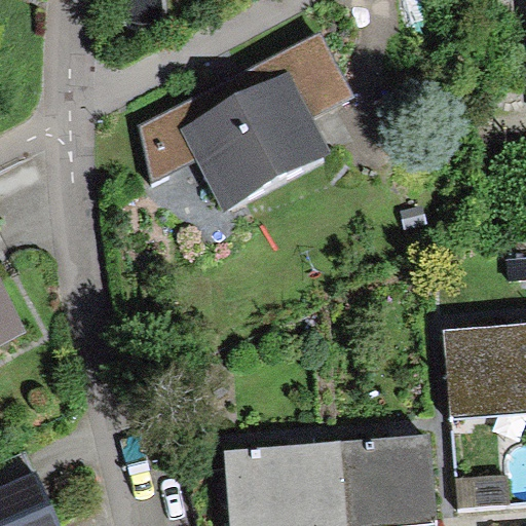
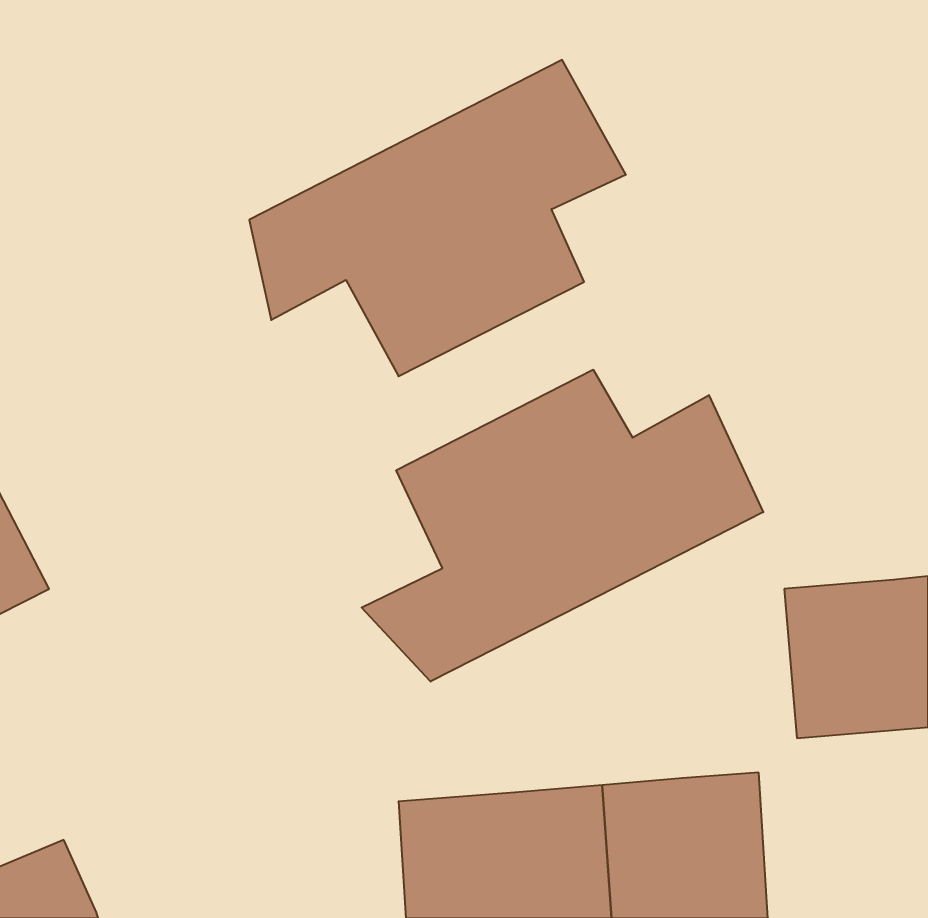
building: none -> [362,370,763,682]

